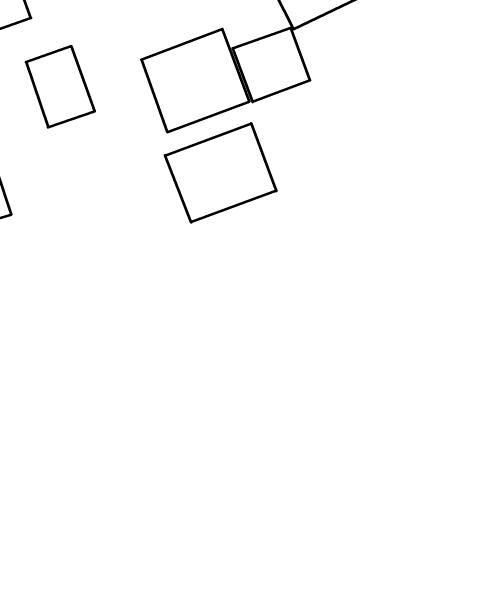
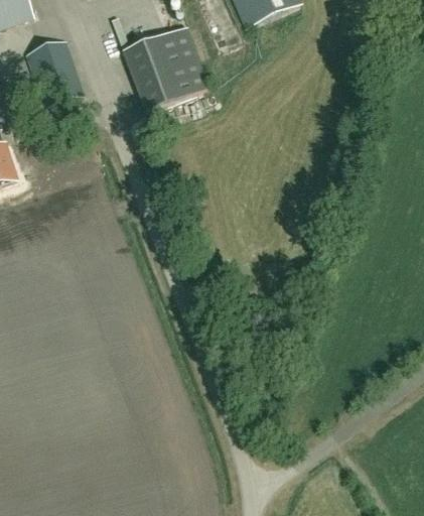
building: [233,28,310,102] -> none
building: [165,123,276,222] -> none

